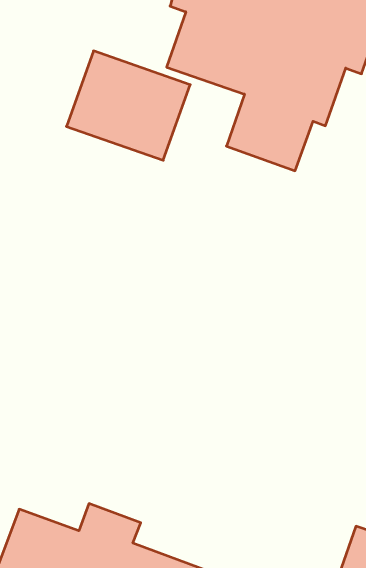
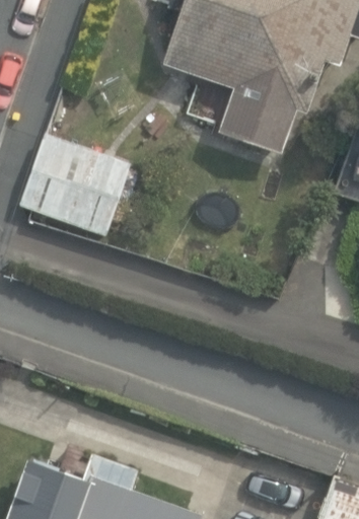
building: [66,51,190,160] -> [20,136,132,234]

